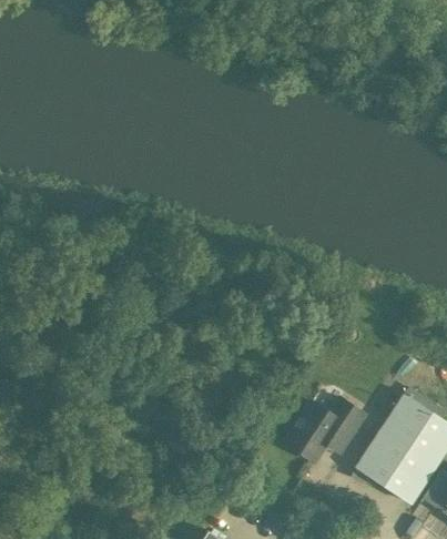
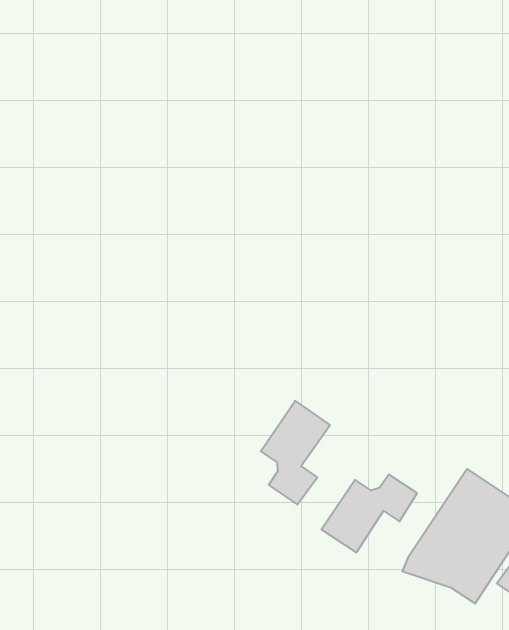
building: none -> [261,401,330,505]

